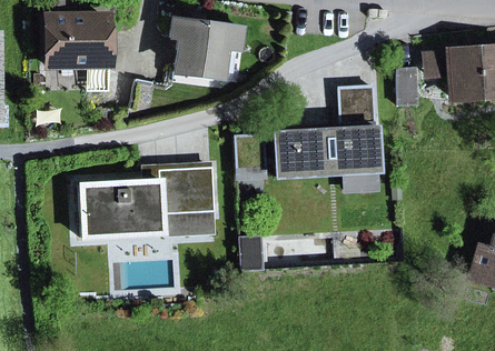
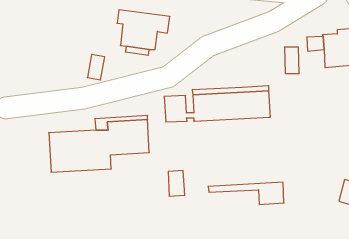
building: [47,16,108,91] -> none
building: [338,86,375,123] -> none
building: [276,163,378,193] -> [208,182,284,205]
building: [162,211,216,238] -> none

